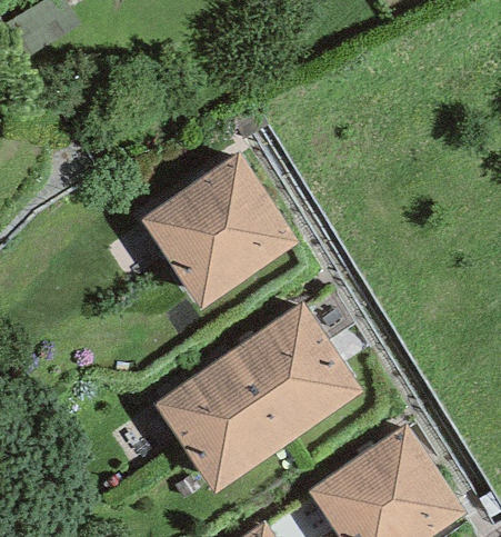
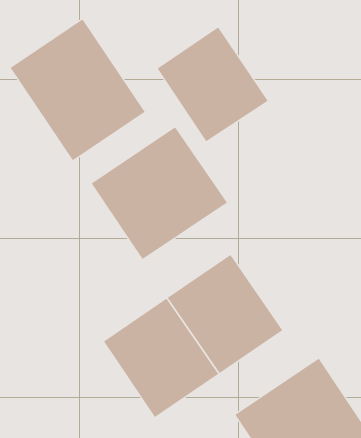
building: none -> [10,19,146,161]
building: none -> [157,27,268,142]

